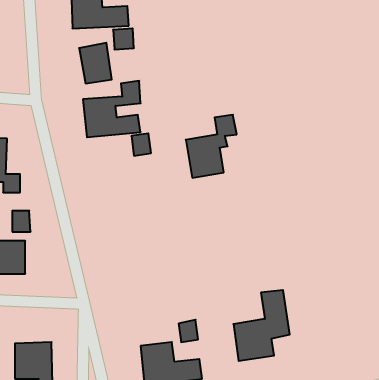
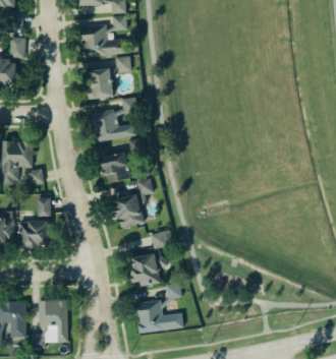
building: [186,115,237,178] -> [114,178,154,227]
building: none -> [103,153,129,181]
building: [233,290,290,361] -> [129,231,173,286]

